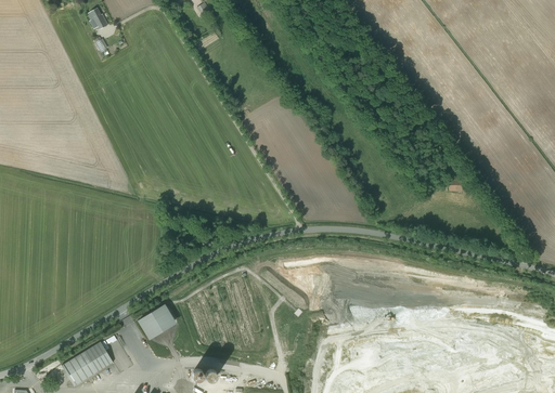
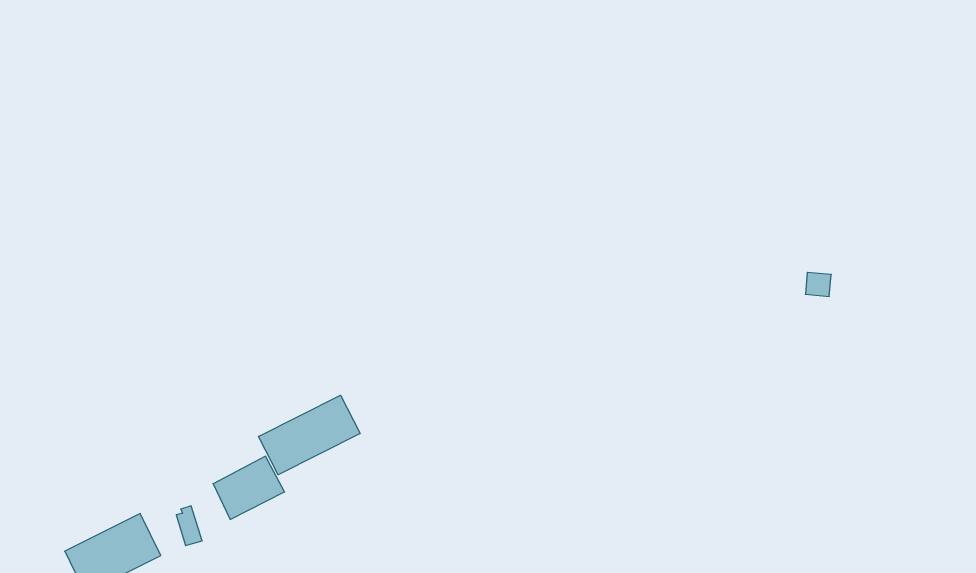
building: none -> [258,395,360,475]

